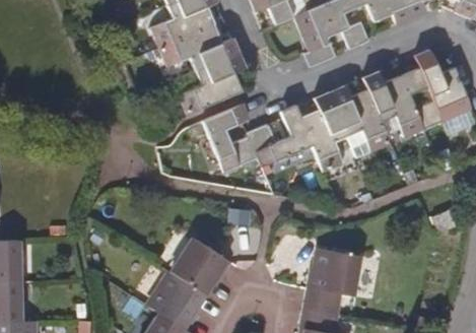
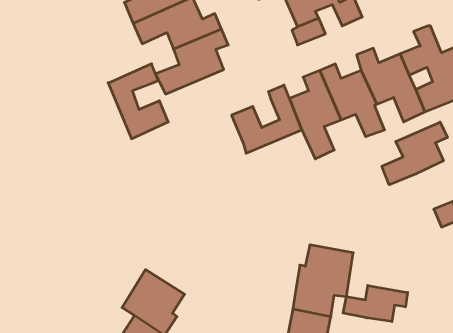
building: [205,103,260,171] -> [108,64,168,139]
building: none -> [382,122,447,185]
building: [172,238,232,293] -> none
building: none -> [343,285,408,322]

